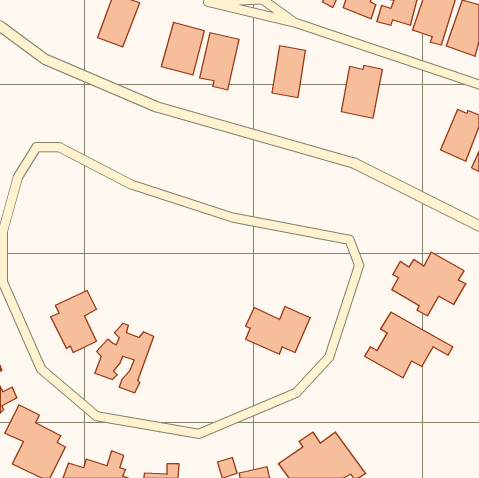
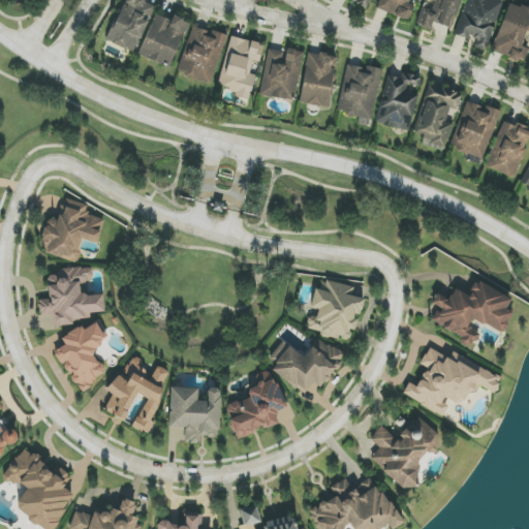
building: none -> [138,13,189,67]
building: none -> [259,48,304,100]
building: none -> [339,62,381,121]
building: none -> [413,87,460,145]
building: none -> [450,99,500,157]
building: none -> [38,201,105,260]
building: none -> [39,267,103,325]
building: none -> [307,281,365,339]
building: none -> [226,369,284,437]
building: none -> [169,386,221,443]
building: none -> [370,415,444,488]

